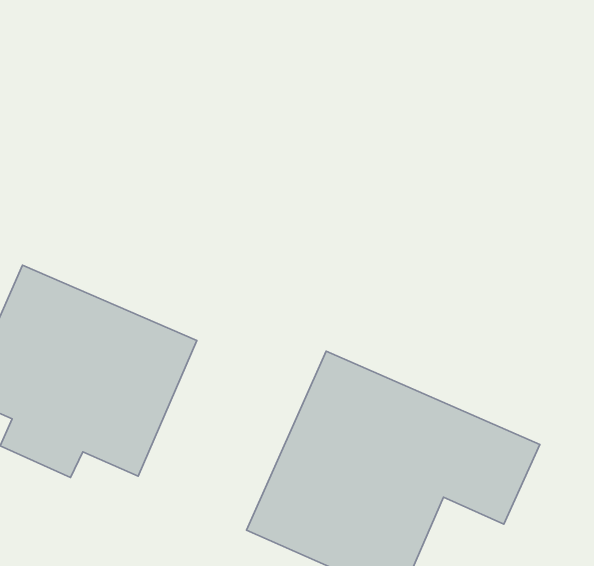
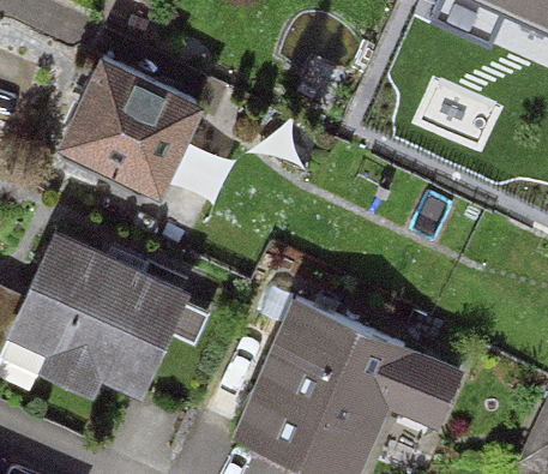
building: none -> [58,53,201,193]

